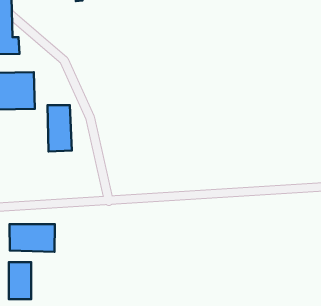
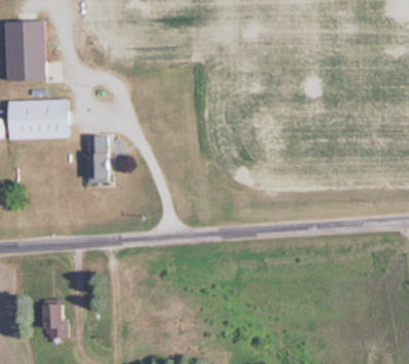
building: [9,224,55,252] -> none

